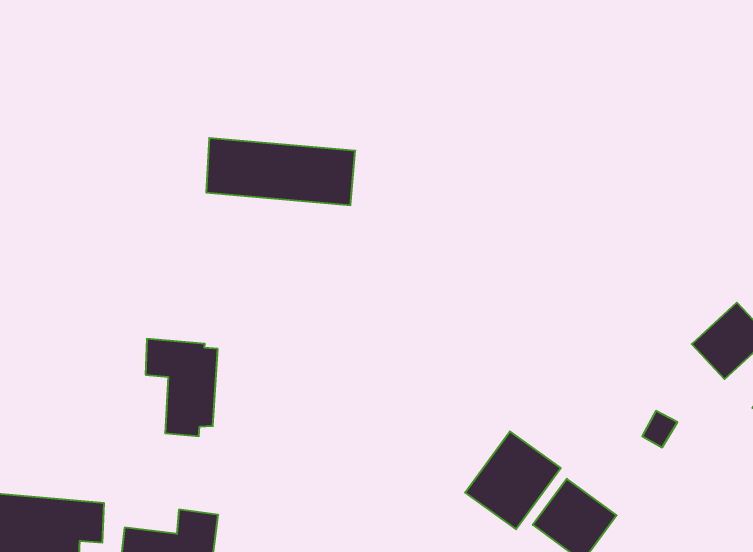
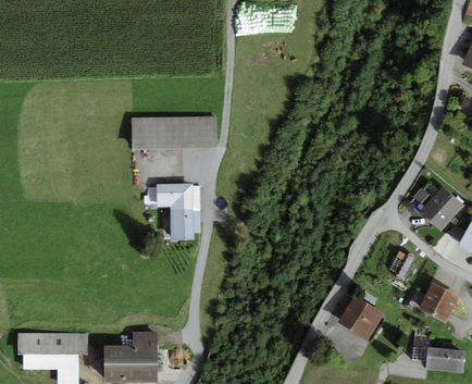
building: [146,339,218,436] -> [159,183,201,236]
building: [465,431,561,529] -> none
building: none -> [417,283,457,323]

